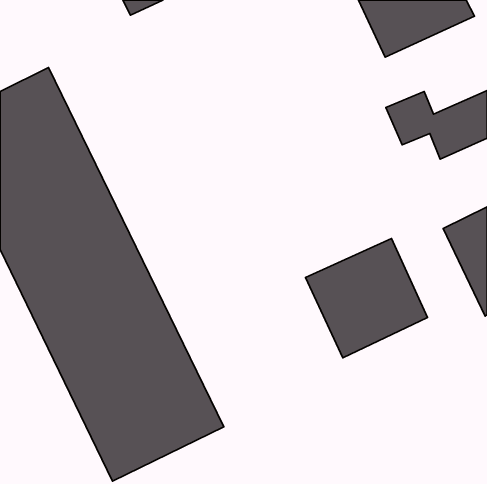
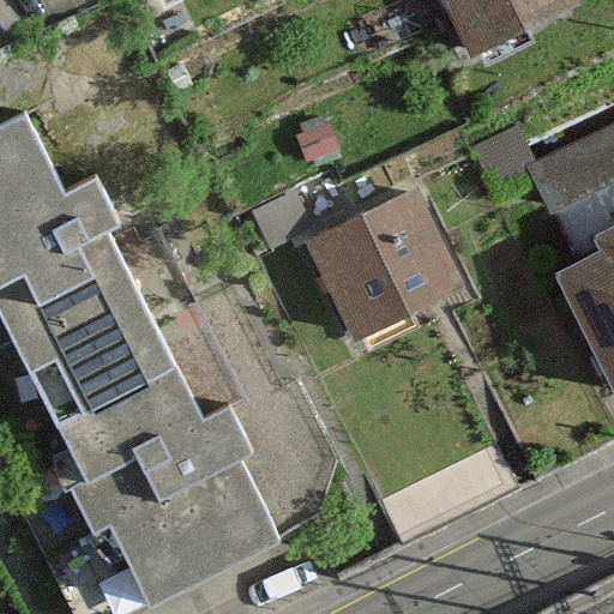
building: [306,239,428,358] -> [303,189,457,339]

